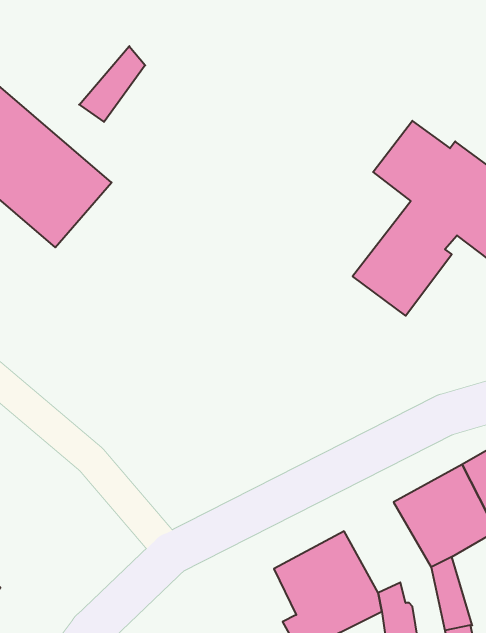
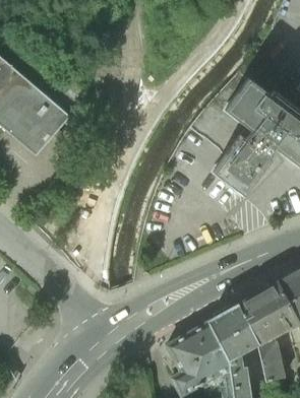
building: [79,46,145,122] -> none
building: none -> [206,306,258,359]

